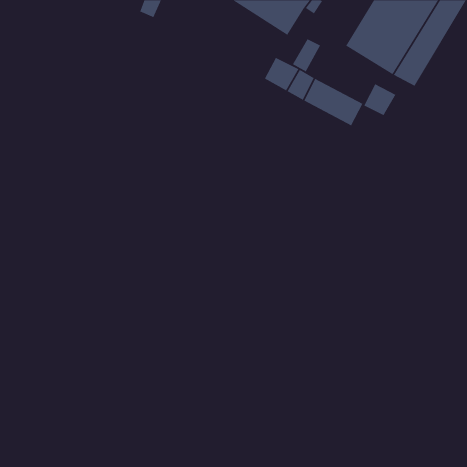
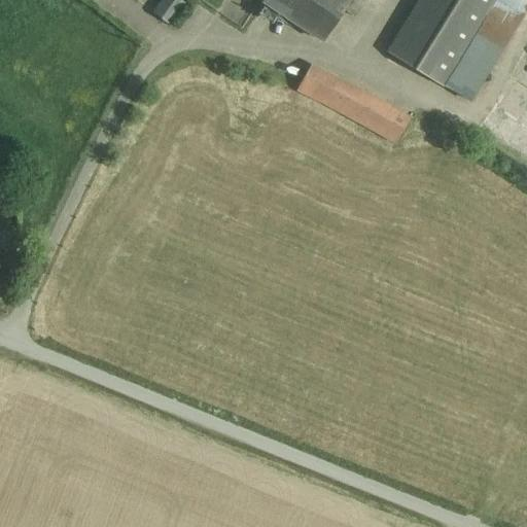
building: [292,38,321,72] -> none
building: [363,83,396,116] -> none

